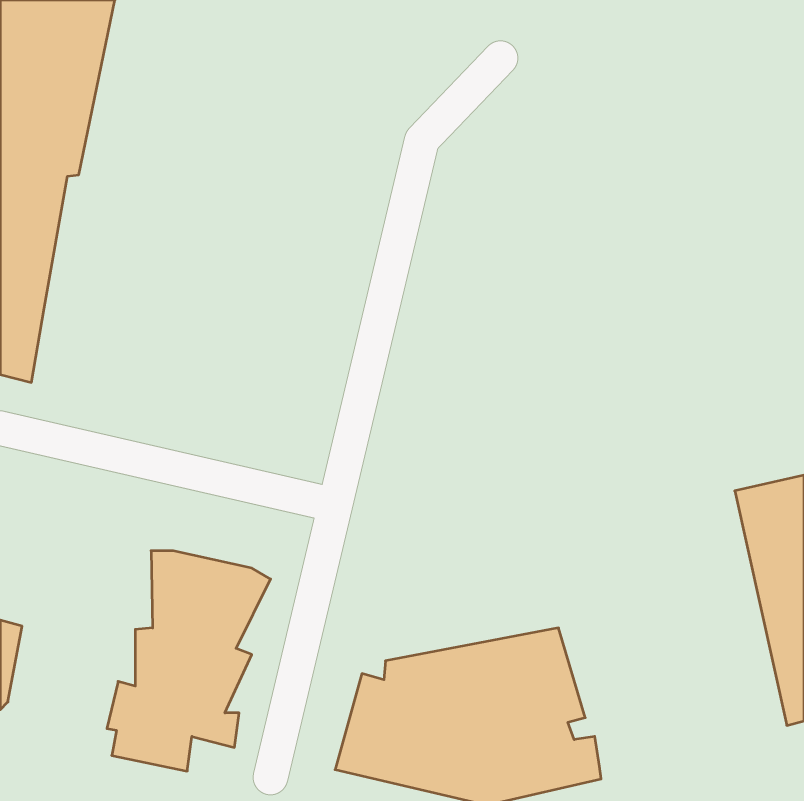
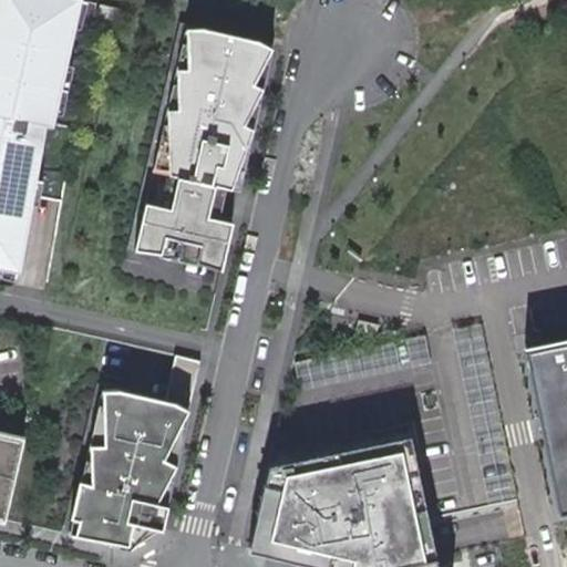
building: none -> [133,33,269,272]

